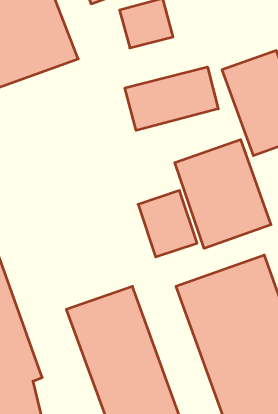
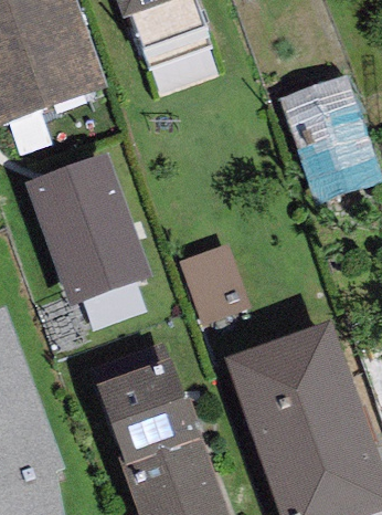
building: [125,67,218,130] -> none
building: none -> [24,154,150,307]
building: [175,140,271,248] -> none

